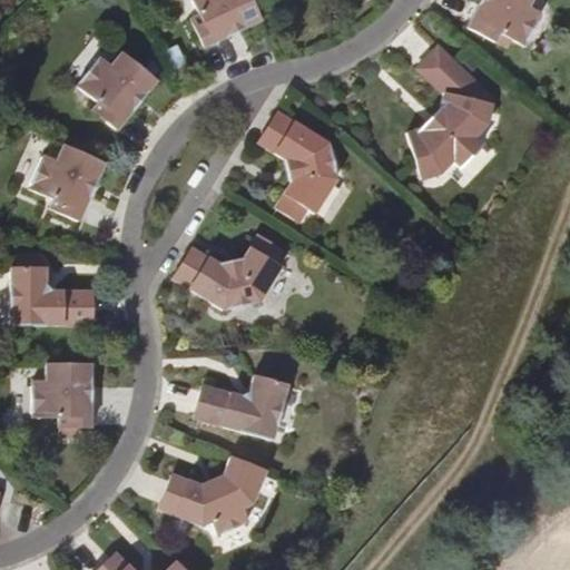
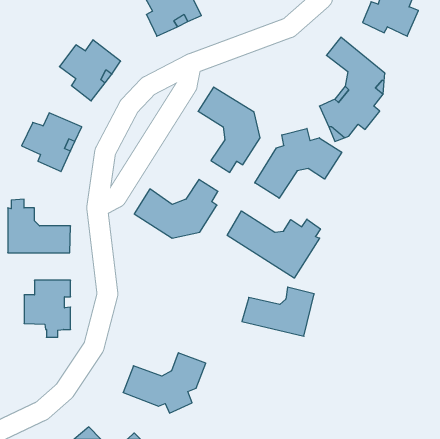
building: none -> [255,128,342,198]
building: none -> [227,211,320,278]
building: [195,371,288,434] -> [242,287,314,336]

